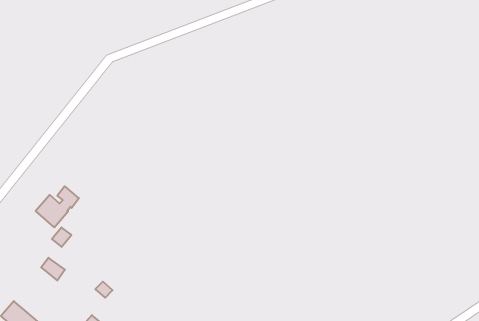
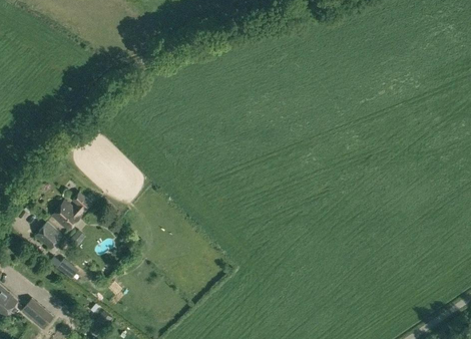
building: none -> [35,221,62,247]

